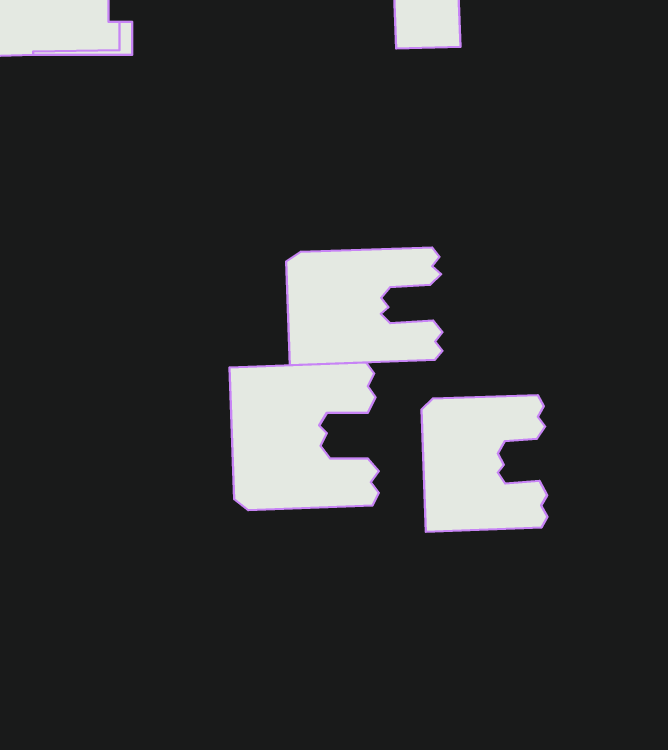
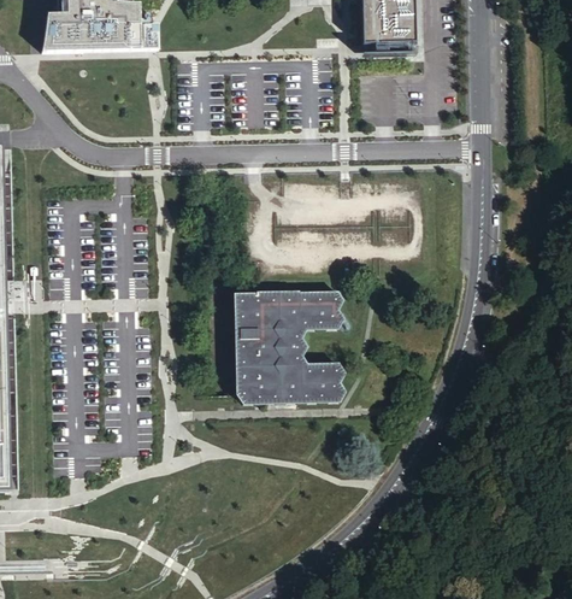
building: [286,247,443,365] -> none
building: [422,395,547,532] -> none

